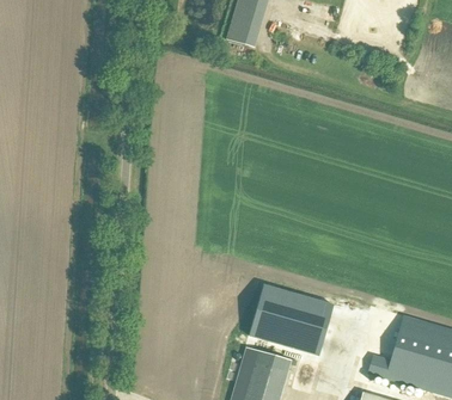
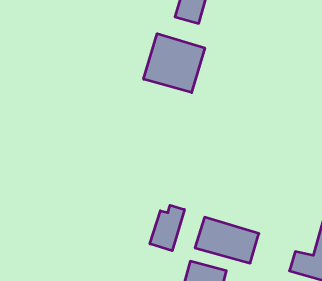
building: none -> [144,34,205,93]
building: none -> [150,205,184,251]

